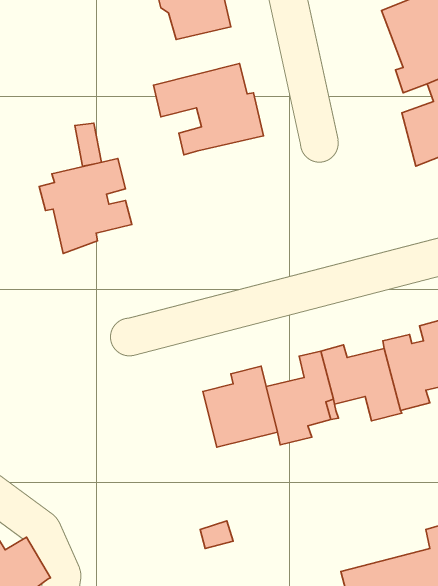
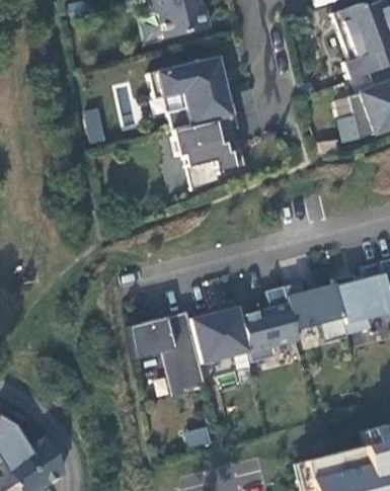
building: [39,159,132,254] -> [173,115,247,191]
building: none -> [126,312,204,393]

